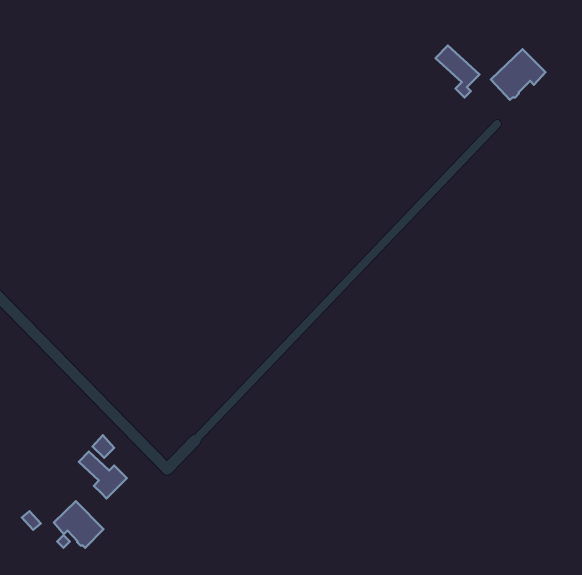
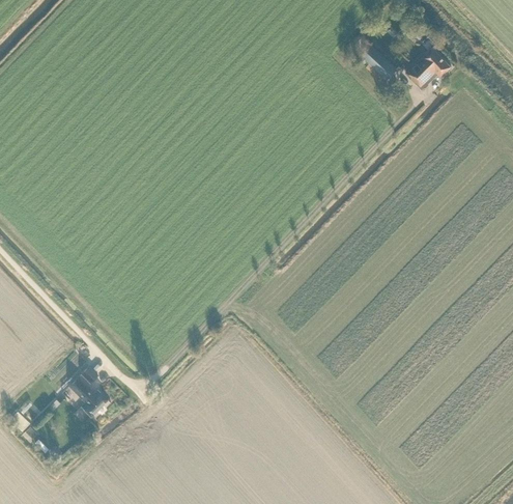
building: [54,501,104,548] -> none

